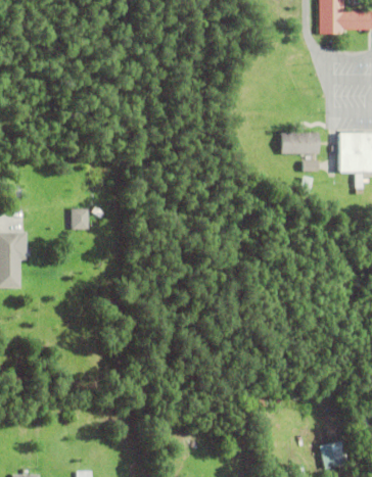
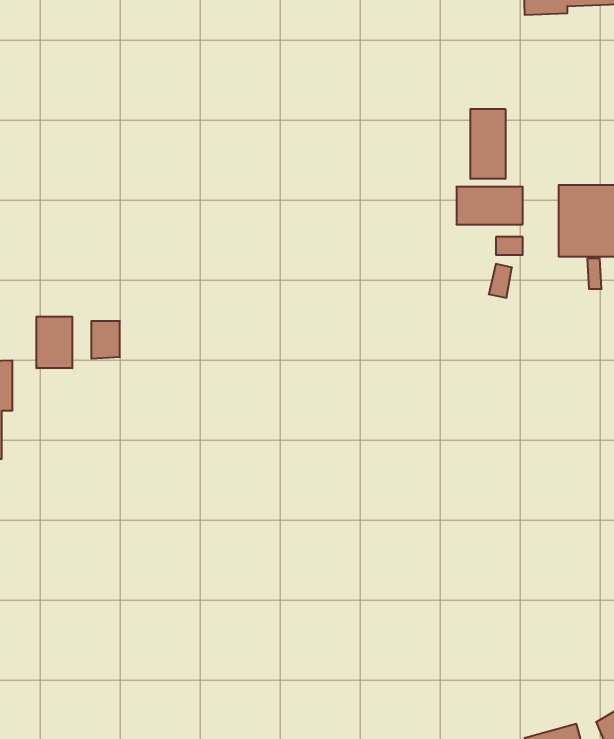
building: none -> [470,109,505,179]
building: none -> [36,317,72,368]

